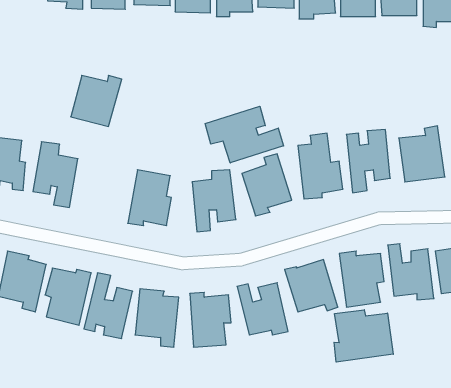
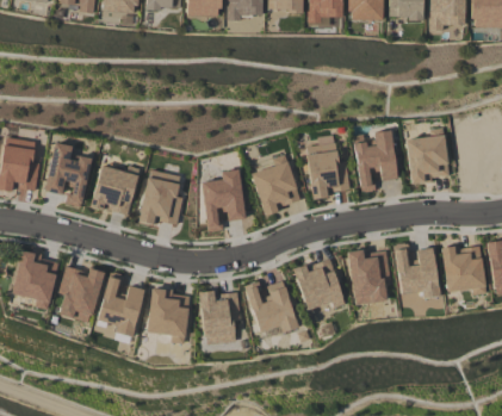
building: [71,75,122,126] -> [91,166,141,216]
building: [205,106,284,163] -> none
building: [334,310,393,362] -> none

